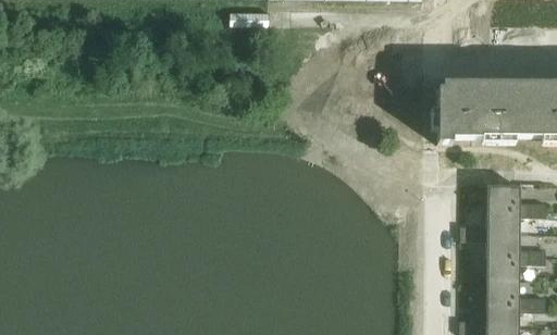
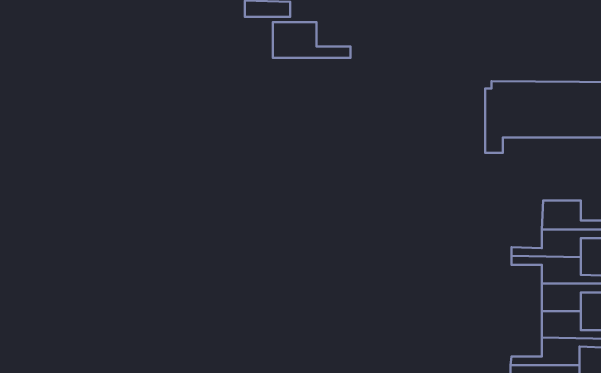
building: none -> [273,22,350,58]

